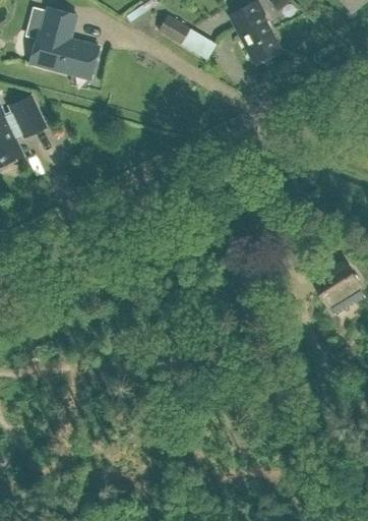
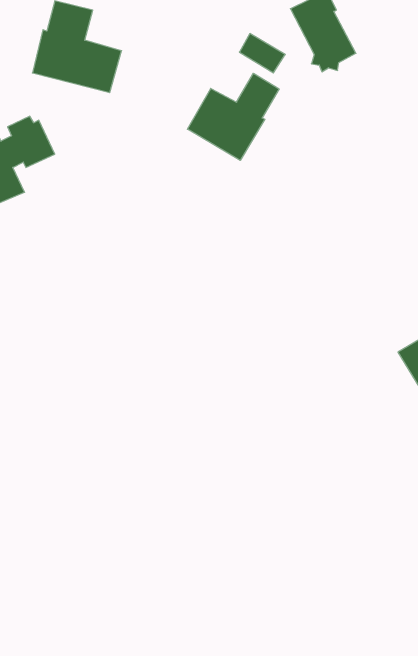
building: [159,14,193,44] -> none
building: none -> [187,73,279,160]

